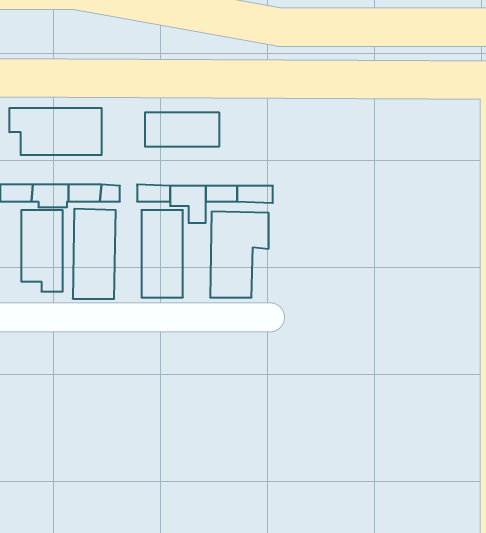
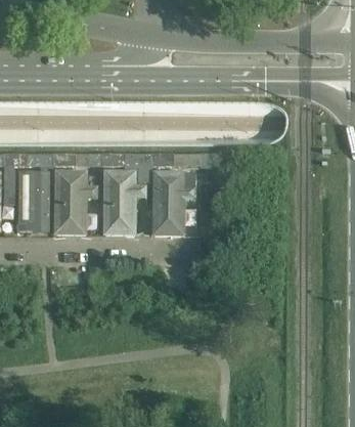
building: [9,108,102,155] -> none
building: [145,112,219,147] -> none

